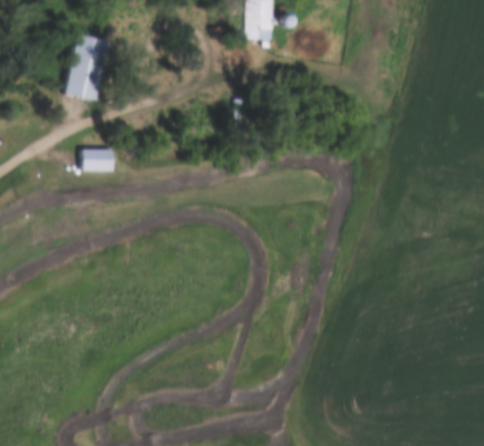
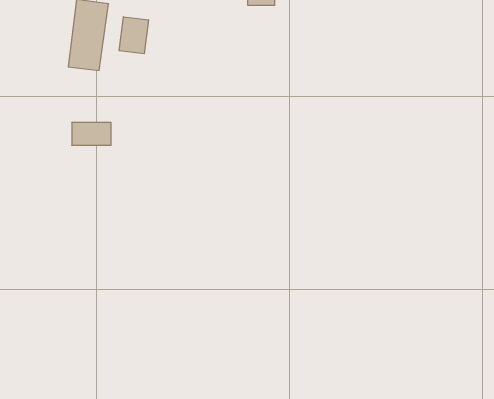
building: none -> [119,17,148,54]

